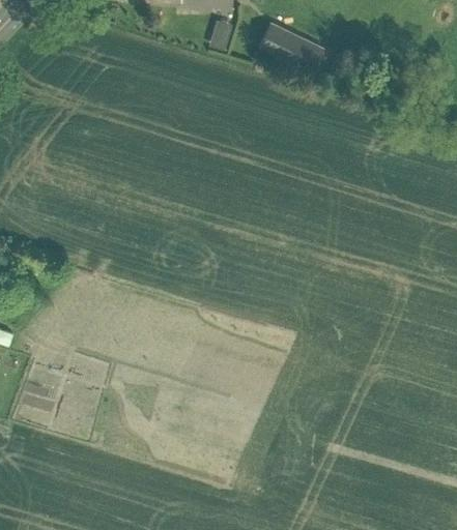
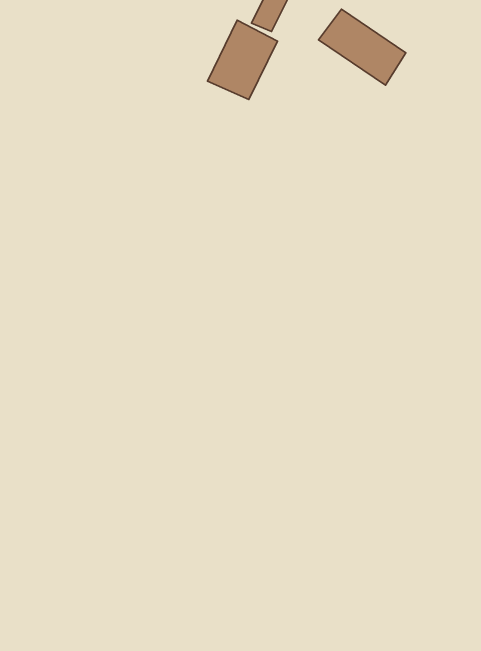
building: none -> [207,20,278,100]

